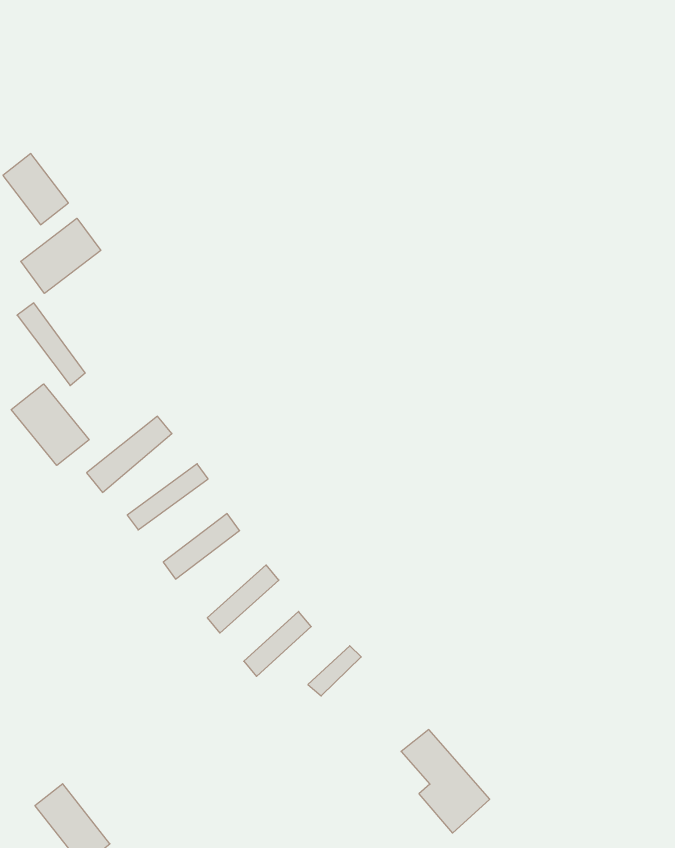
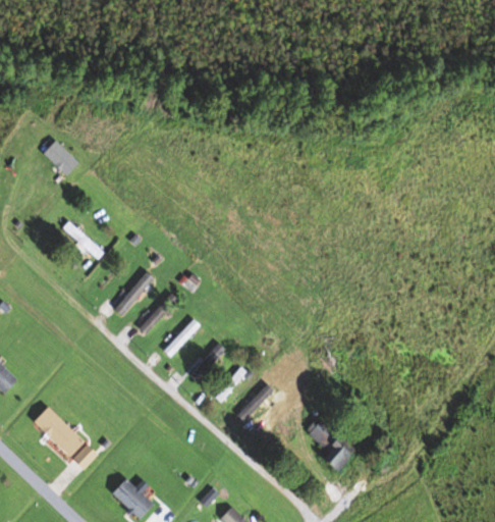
building: [21,218,101,293] -> none
building: [11,384,89,465] -> none

